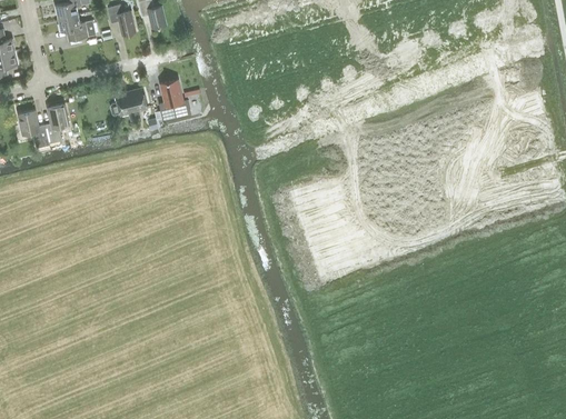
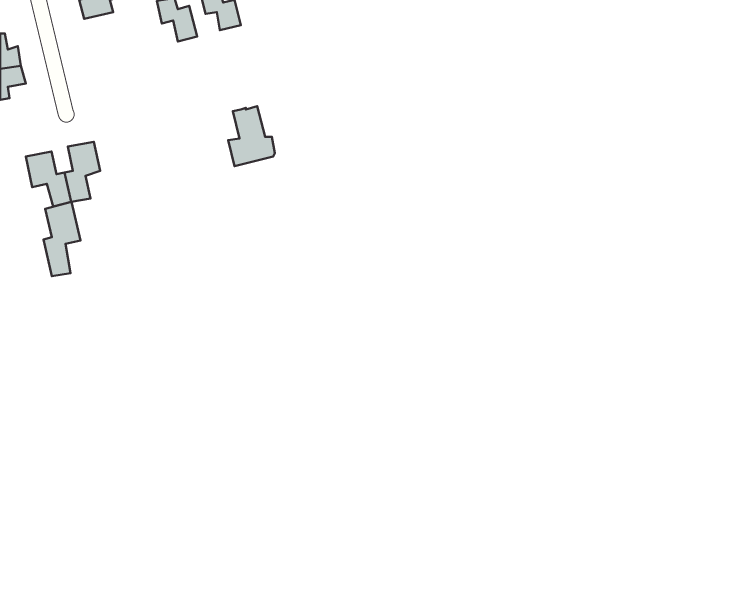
building: [58,14,96,40] -> none
building: [110,87,147,120] -> none
building: none -> [44,202,80,276]

